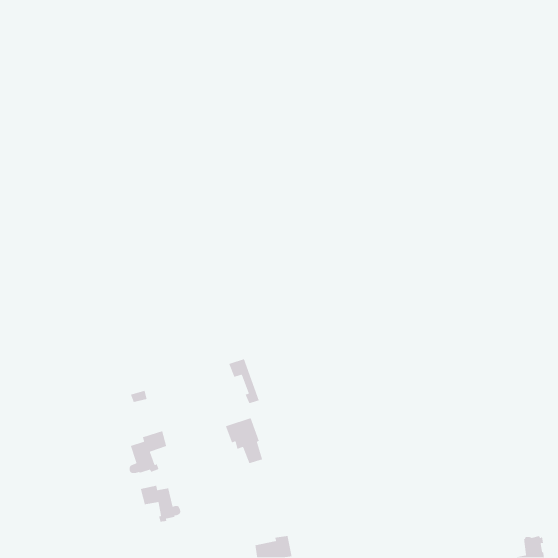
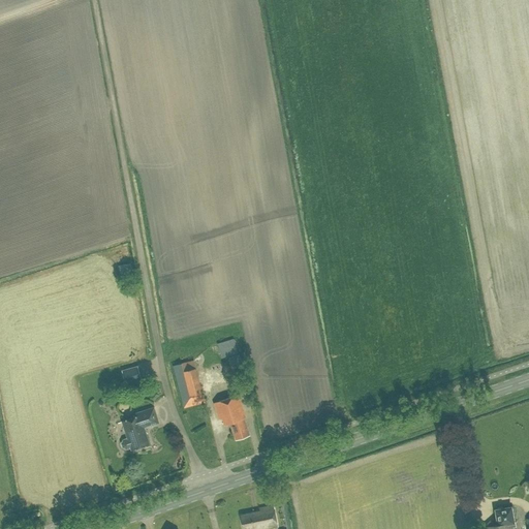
building: none -> [172,361,204,408]
building: [140,485,181,522] -> none

